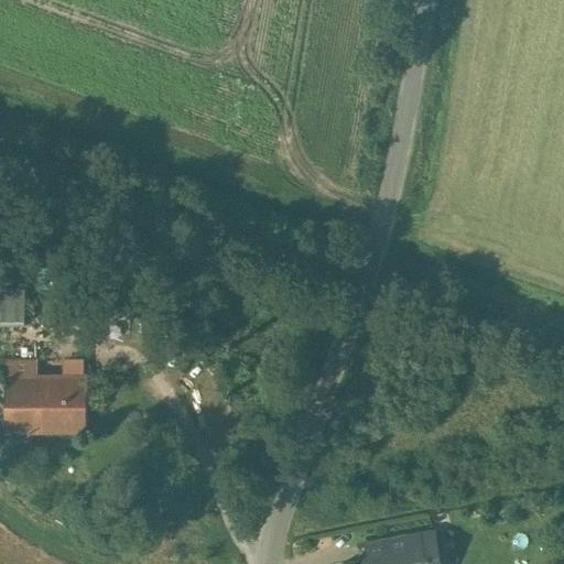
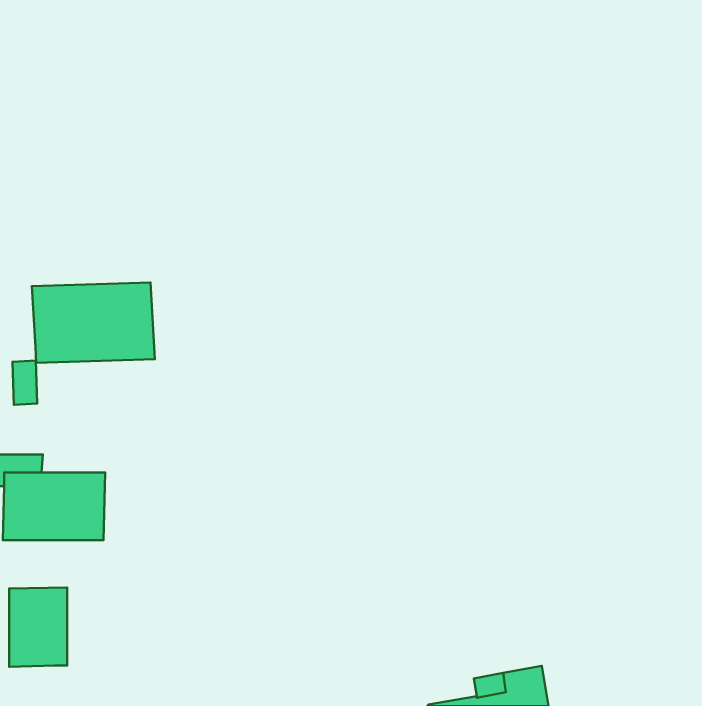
building: none -> [32,282,155,363]
building: none -> [9,587,67,667]

